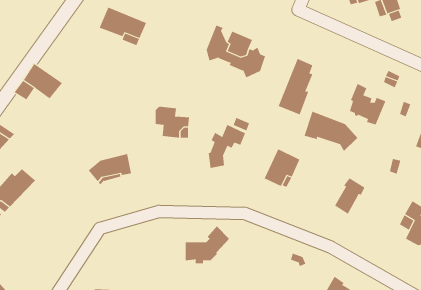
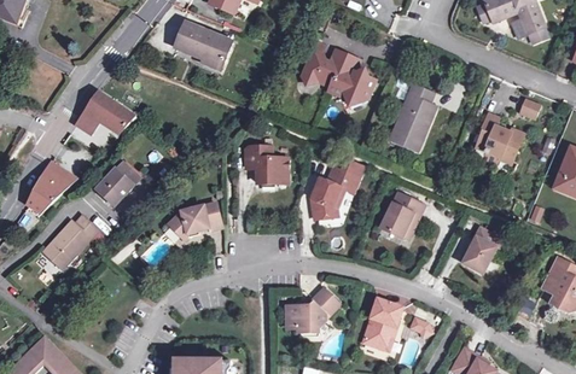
building: [304,111,358,152] -> none
building: none -> [94,159,138,204]
building: none -> [360,298,398,349]

